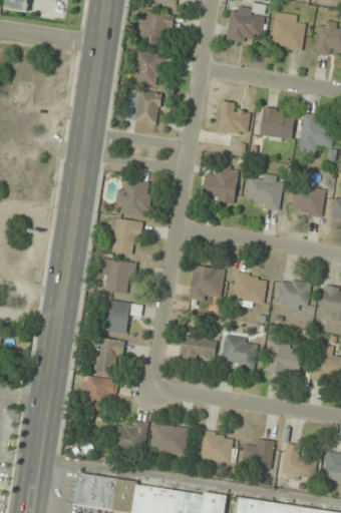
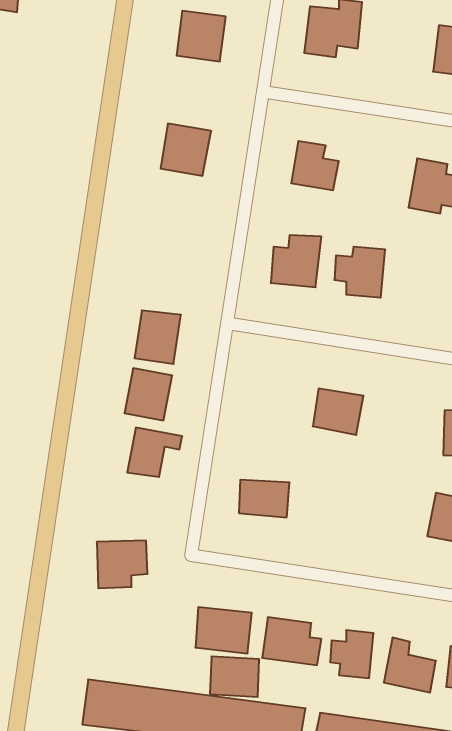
building: [270,12,305,51] -> none
building: [132,51,163,86] -> none
building: [260,109,294,141] -> none
building: [115,178,151,217] -> none
building: [292,188,323,214] -> none
building: [189,266,224,302] -> none
building: [277,280,311,311] -> none
building: [221,336,258,370] -> none
building: [95,340,120,373] -> none
building: [267,343,302,376] -> none
building: [112,422,146,450] -> [210,656,259,697]

